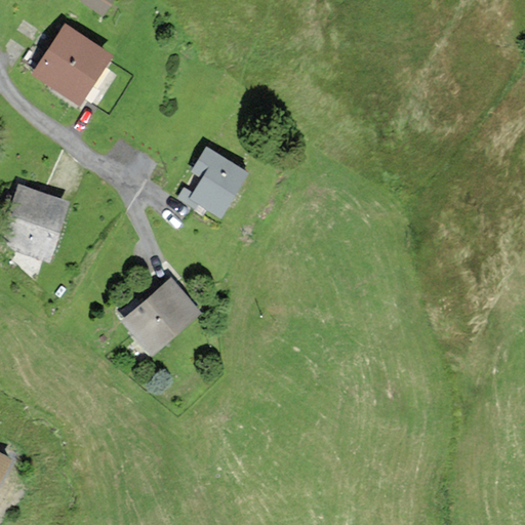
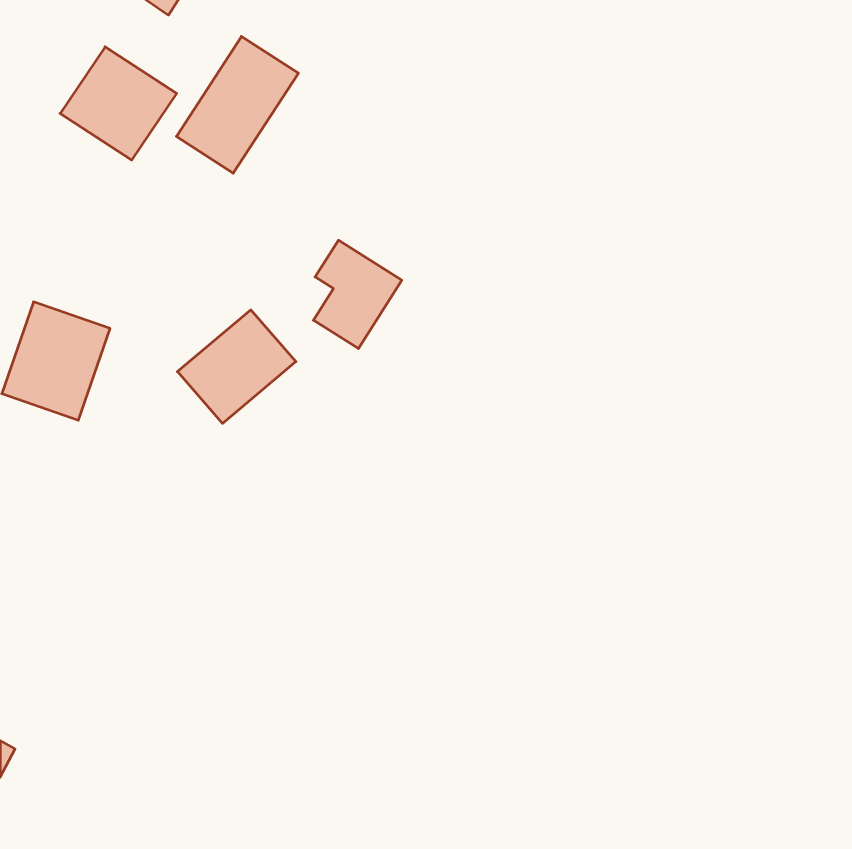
building: none -> [176,36,298,173]
building: [126,281,199,351] -> [177,310,296,423]

